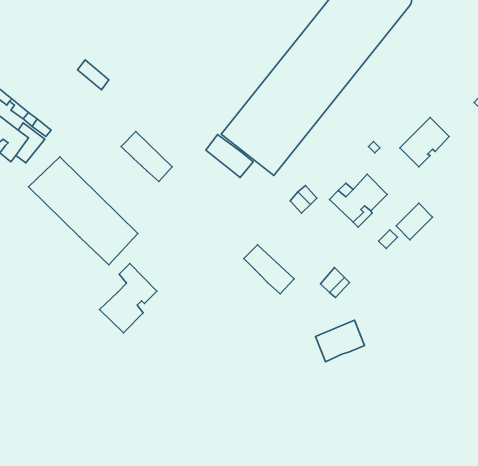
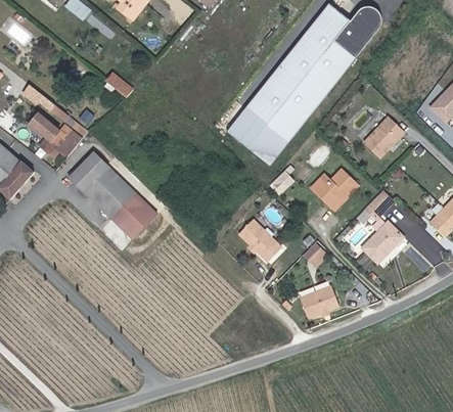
building: [121,132,172,182] -> none
building: [206,134,253,178] -> none
building: none -> [363,221,404,262]
building: [100,263,157,333] -> none

